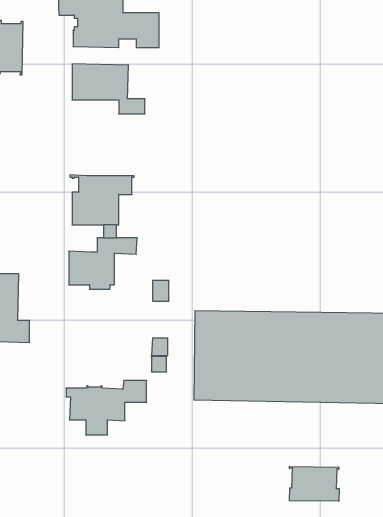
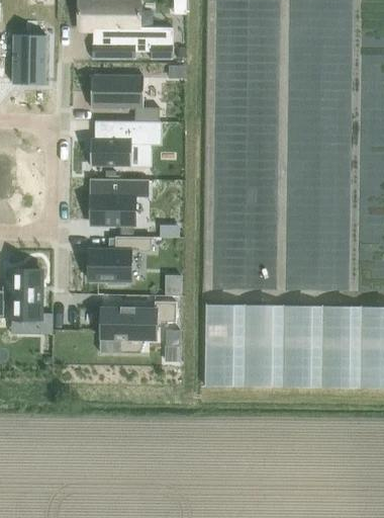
building: none -> [90,119,162,166]
building: [66,381,147,435] -> [101,300,176,351]
building: [289,466,339,501] -> none

